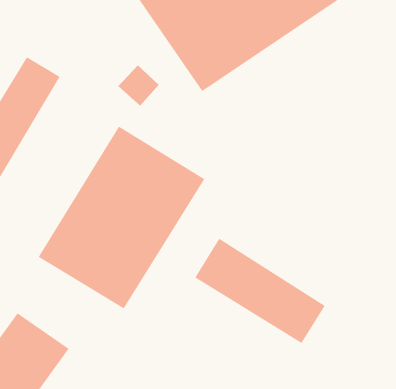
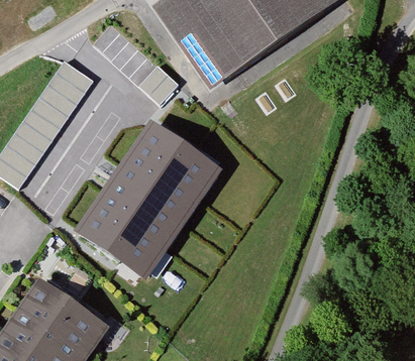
building: [195,238,325,344] -> none

